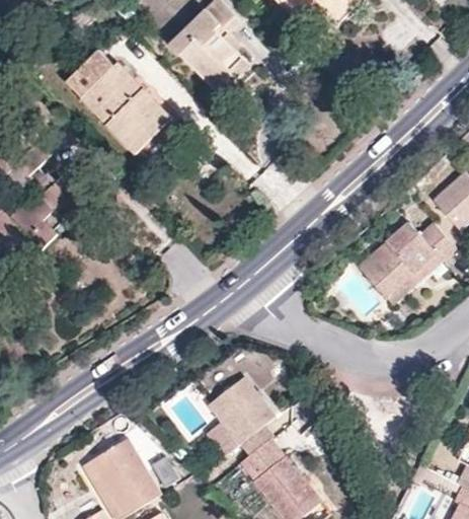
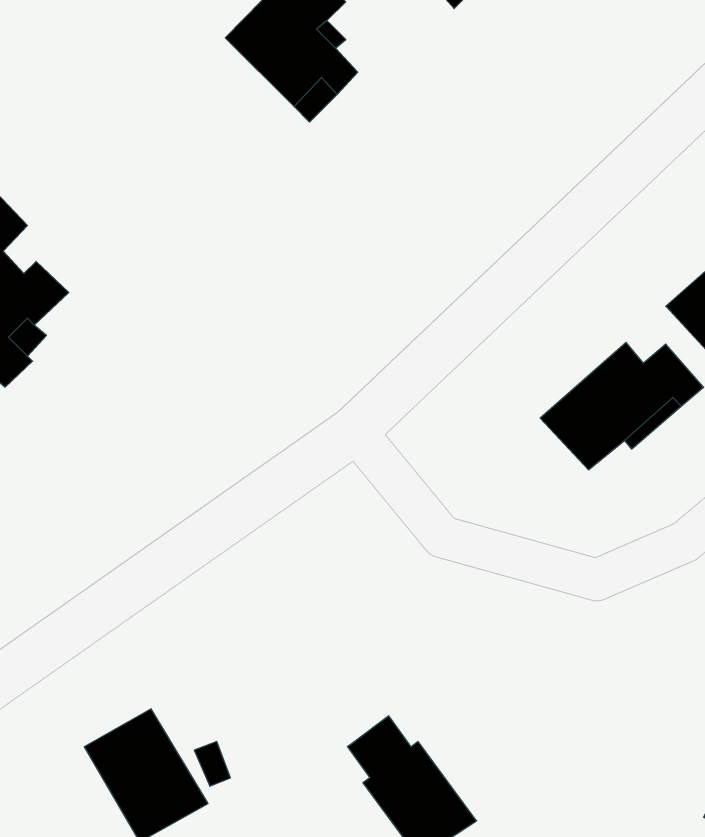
building: [69,47,172,150] -> none
building: [209,379,275,458] -> none

